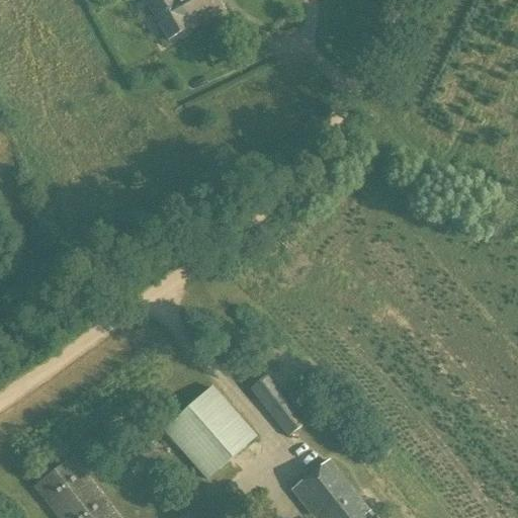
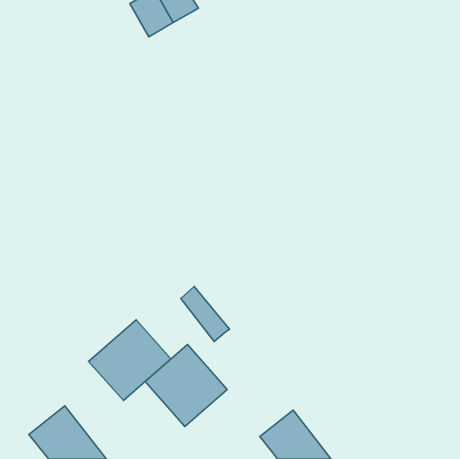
building: none -> [89,320,171,401]
building: [251,375,306,437] -> [181,287,229,342]

